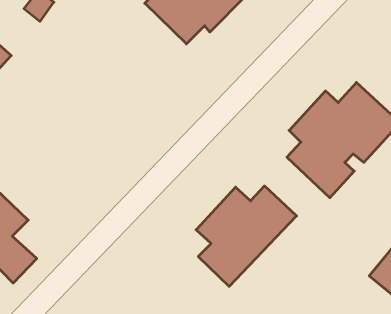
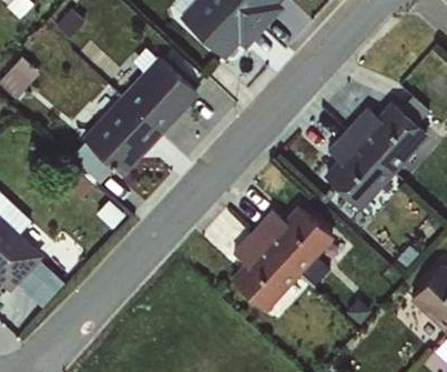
building: none -> [81,56,200,177]

